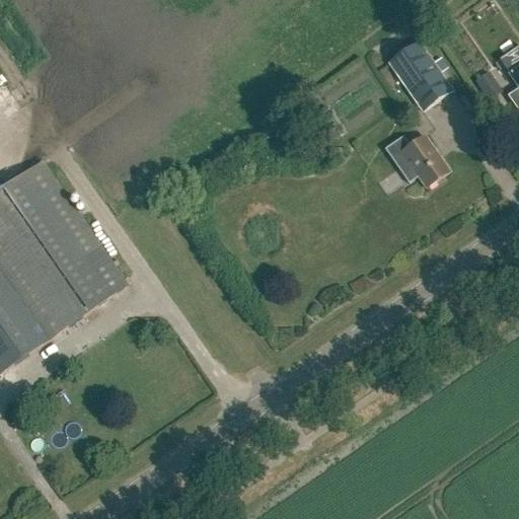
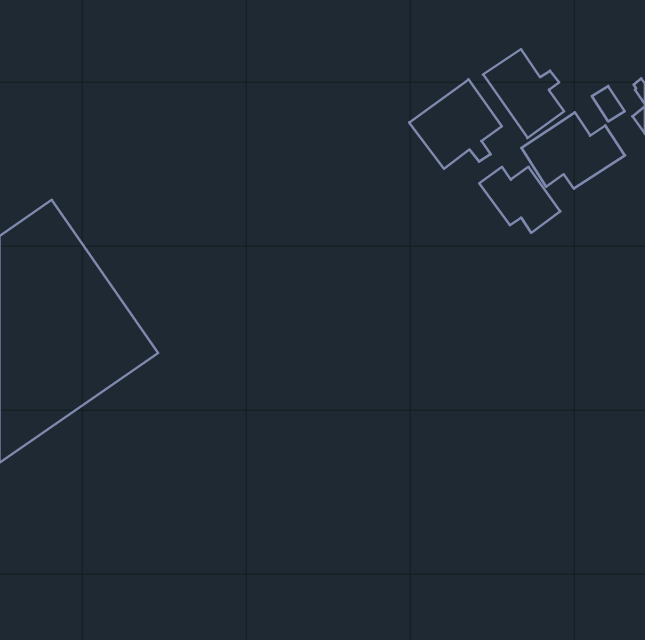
building: none -> [409,79,502,169]
building: none -> [521,112,625,189]

